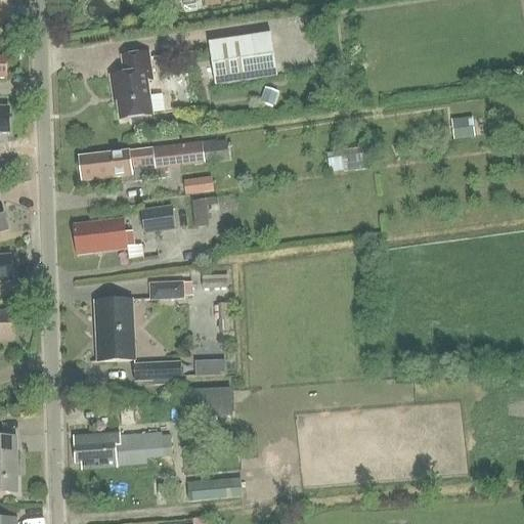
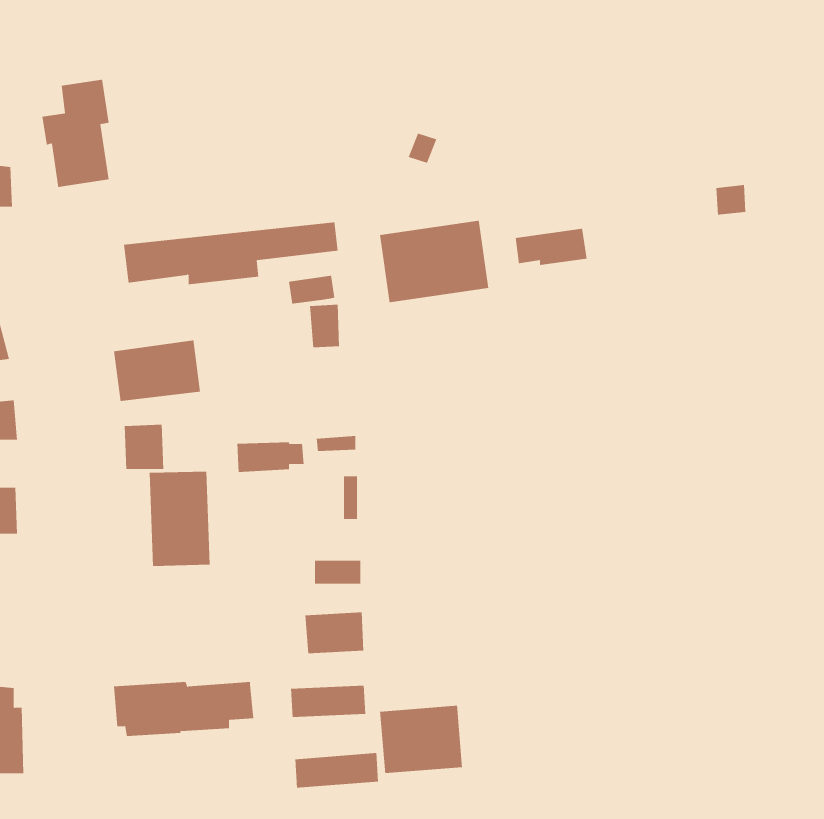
building: [210,31,279,83] -> [379,220,489,303]
building: [108,49,151,118] -> [41,79,109,188]
building: [139,203,173,230] -> none
building: none -> [124,424,164,470]
building: [134,359,182,380] -> [290,685,366,718]
building: none -> [379,705,463,774]

